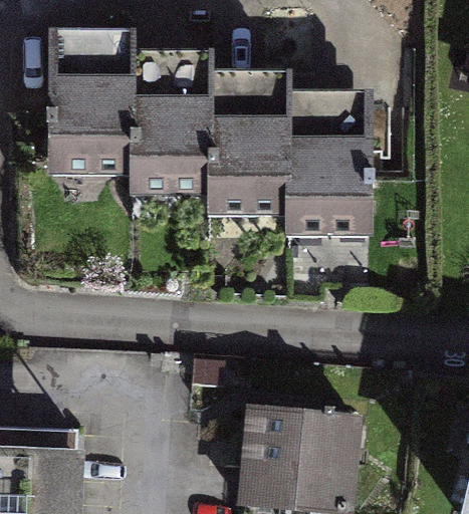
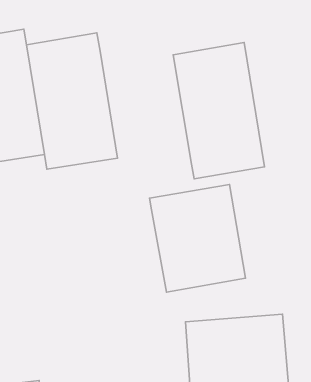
building: [207,82,289,227] -> none
building: none -> [150,185,246,292]

